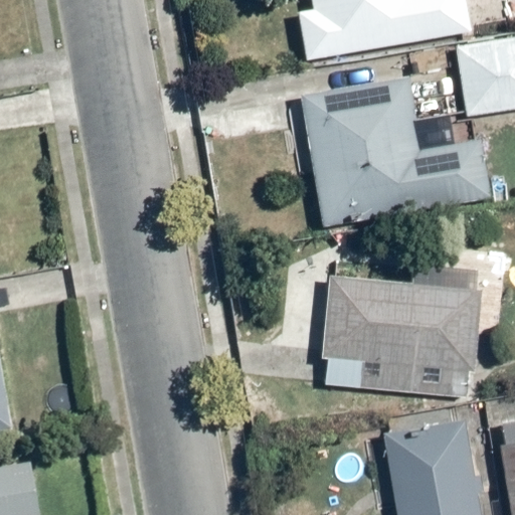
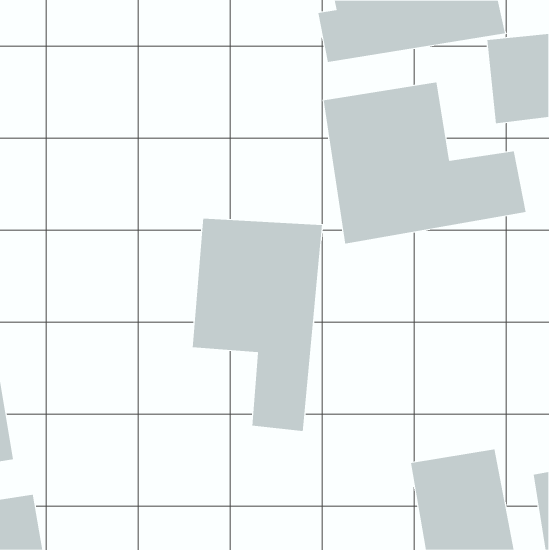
building: none -> [192,218,323,432]
building: [322,277,482,373] -> none

